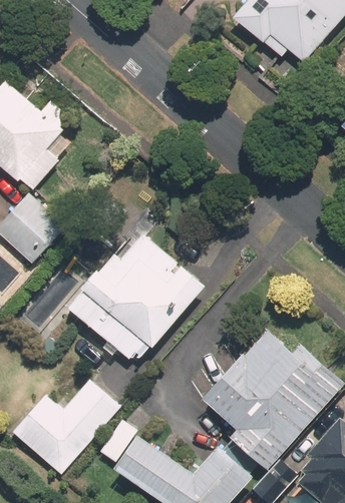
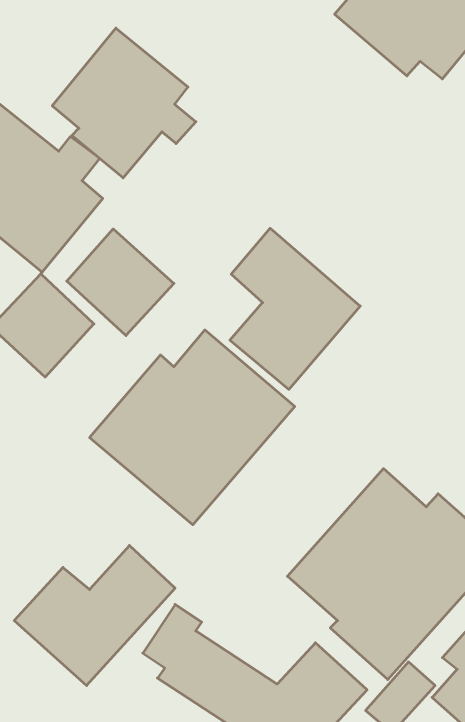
building: none -> [52,28,196,178]
building: none -> [230,228,360,389]
building: none -> [67,229,174,336]

